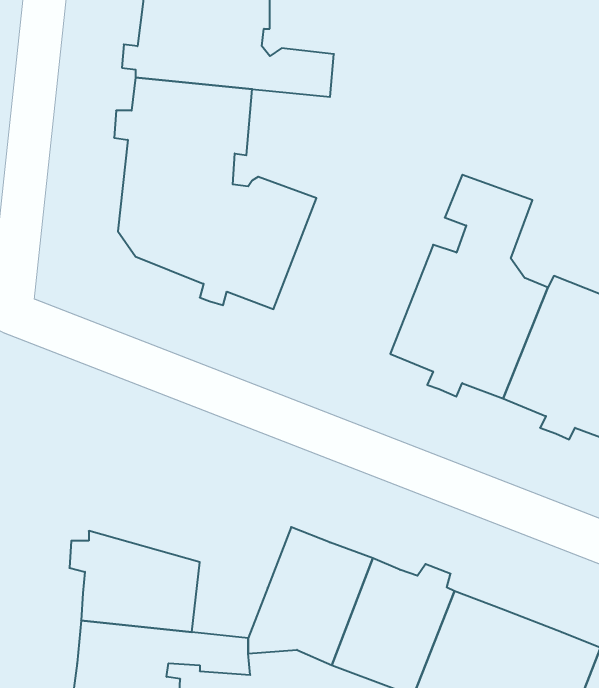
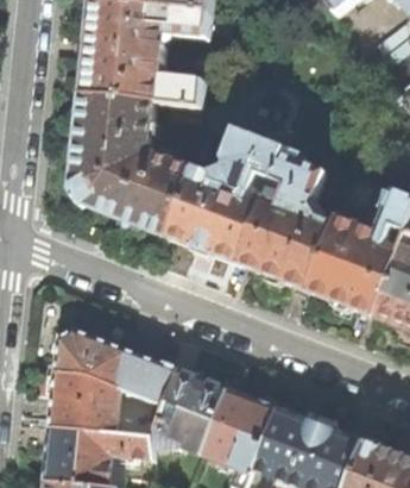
building: none -> [169,127,286,263]
building: none -> [56,329,179,406]

